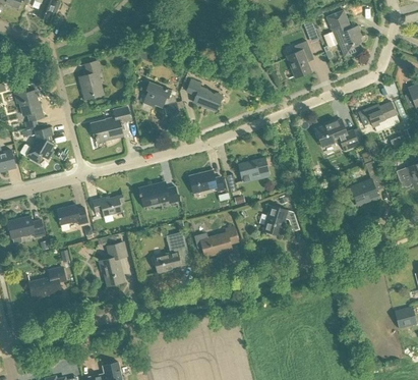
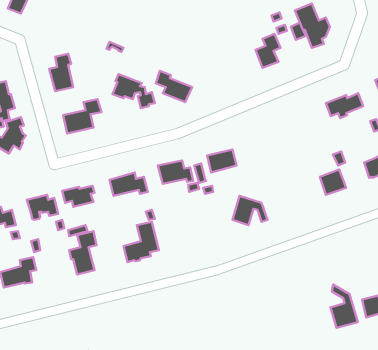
building: [315,118,358,150] -> none
building: [194,226,238,256] -> none
building: none -> [330,284,358,328]

